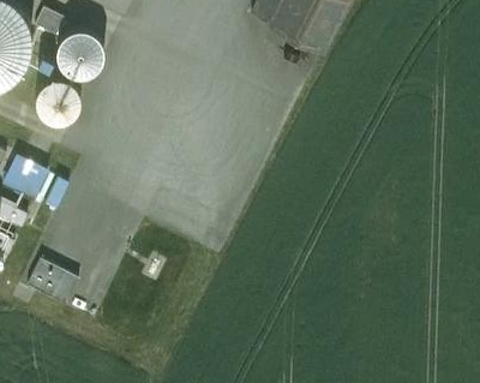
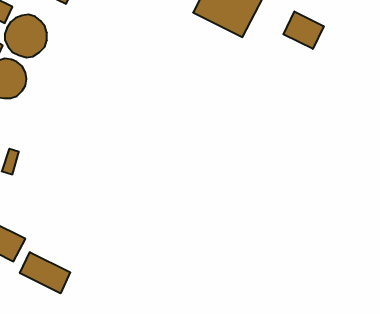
building: none -> [283,11,324,49]
building: none -> [20,252,70,293]

